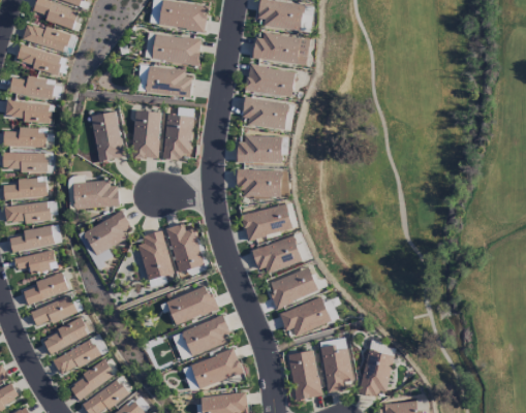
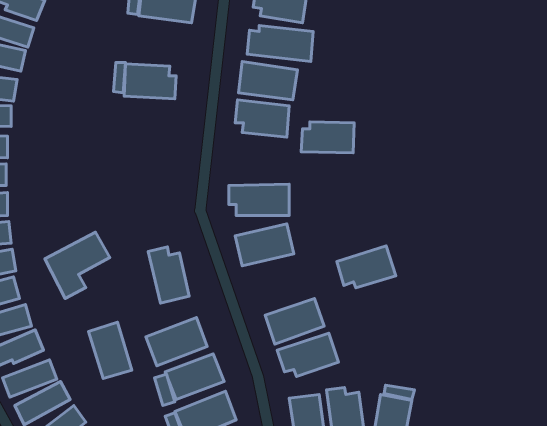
building: [145,31,202,65] -> none
building: [91,110,124,161] -> none
building: [132,110,160,159] -> none
building: [164,115,192,158] -> none
building: [237,135,282,162] -> [301,122,354,153]
building: [73,180,118,208] -> none
building: [136,231,174,280] -> [89,322,132,379]
building: [251,235,302,272] -> [337,246,396,288]

